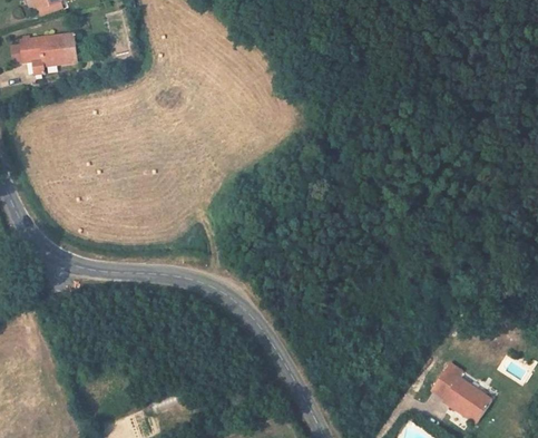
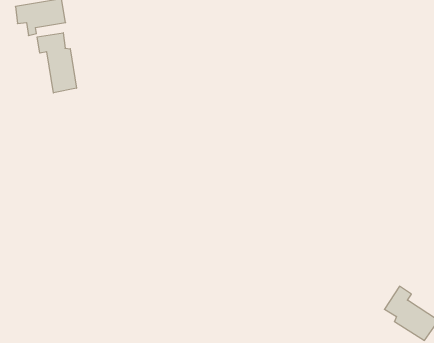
building: none -> [37,33,76,93]

